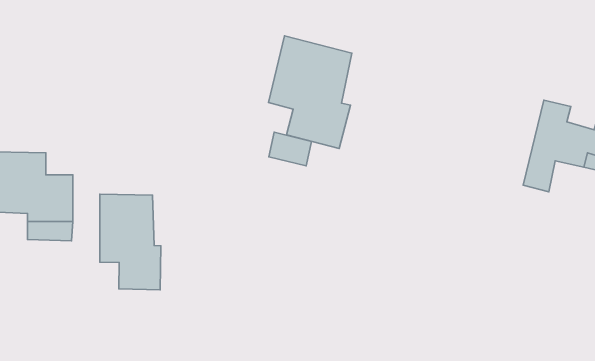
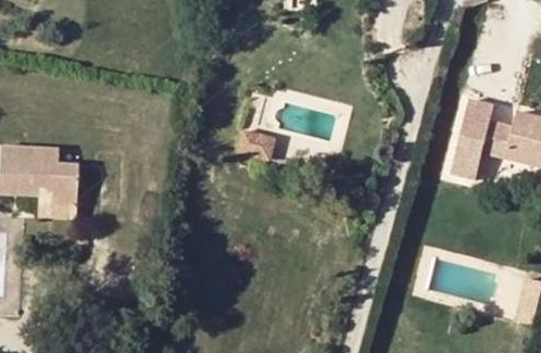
building: [268,36,352,148] -> none
building: [100,194,161,290] -> none

